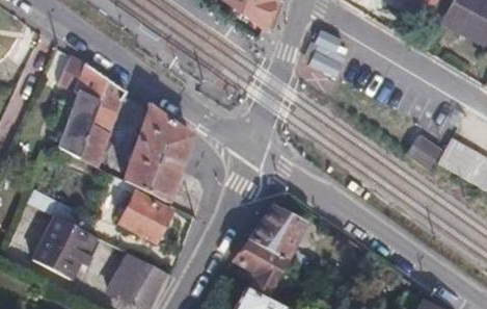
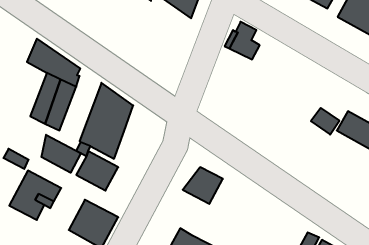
building: none -> [41,135,81,173]
building: [234,239,285,297] -> none

